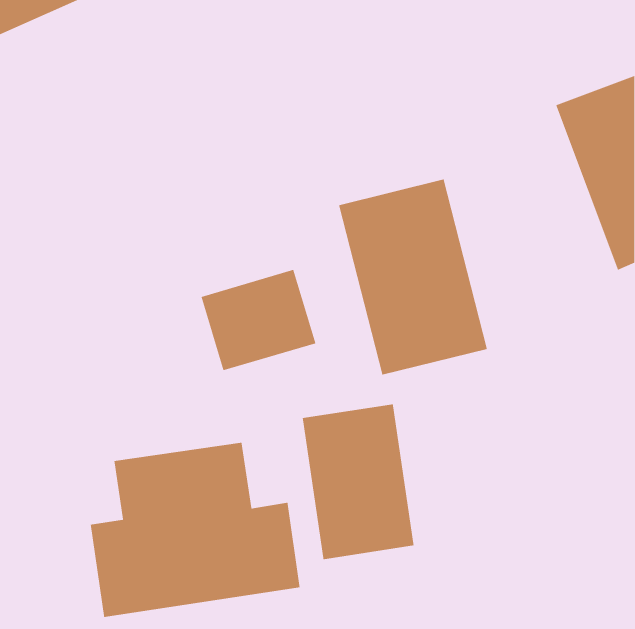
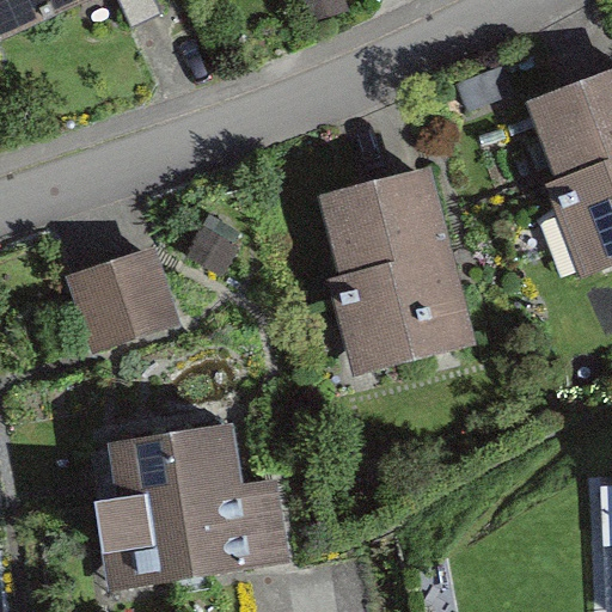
building: [200,269,316,371] -> [69,246,180,344]
building: [302,403,414,560] -> none

